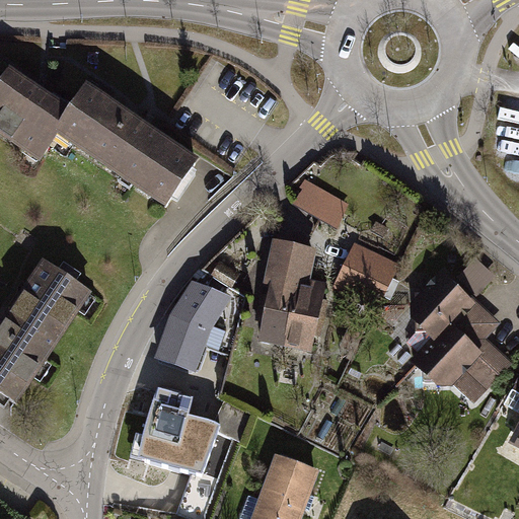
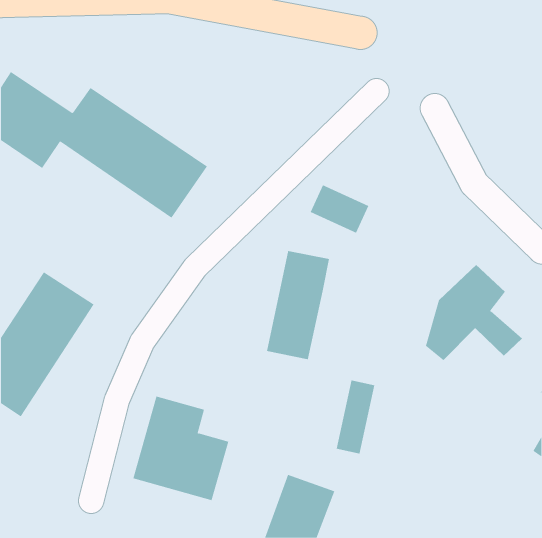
building: [341,236,403,300] -> none
building: [295,278,332,349] -> [336,380,375,454]
building: [153,280,230,371] -> none
building: [411,314,509,398] -> none

